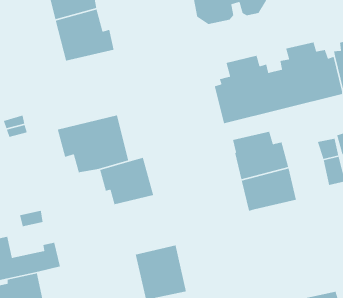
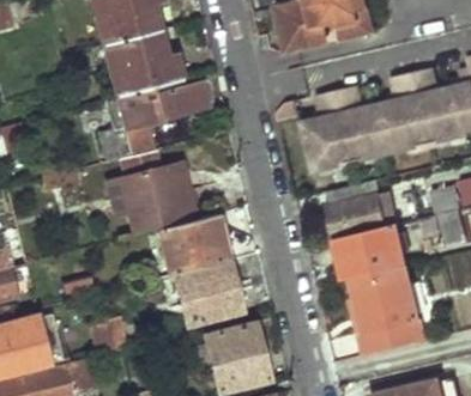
building: none -> [101,77,211,160]
building: none -> [176,260,241,325]
building: none -> [351,266,424,355]

